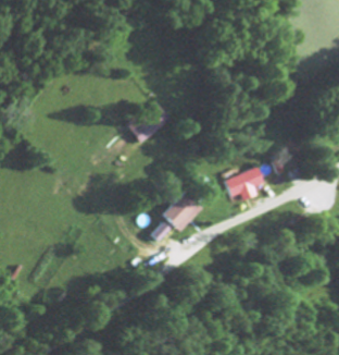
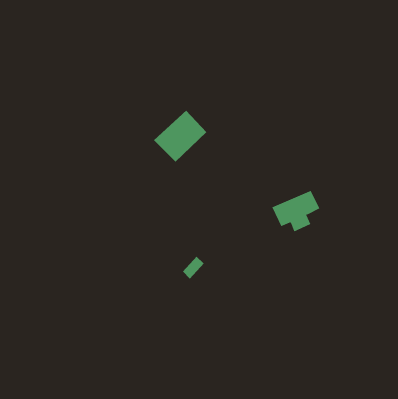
building: [162,191,202,231] -> none

